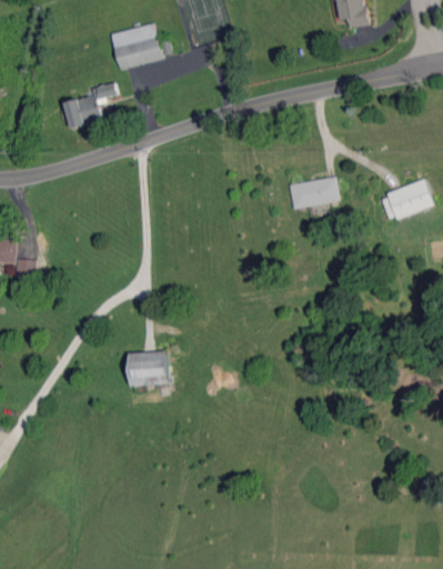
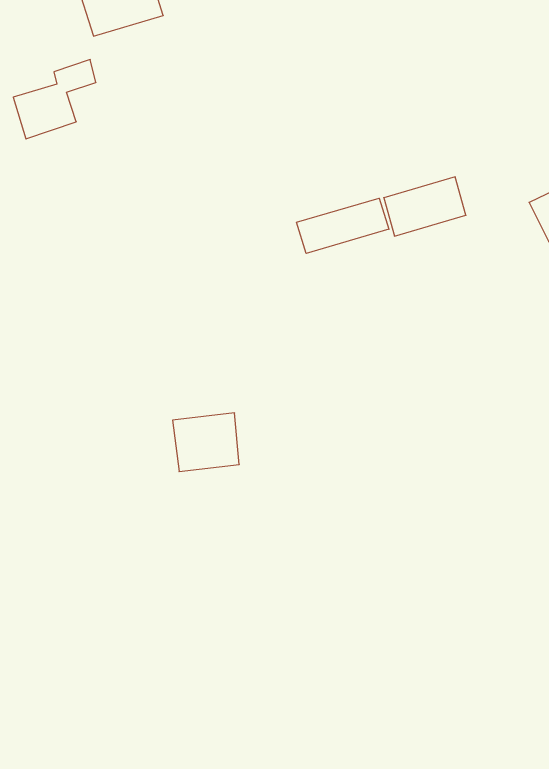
building: none -> [297,198,389,253]
building: [129,351,168,385] -> [173,413,239,472]

